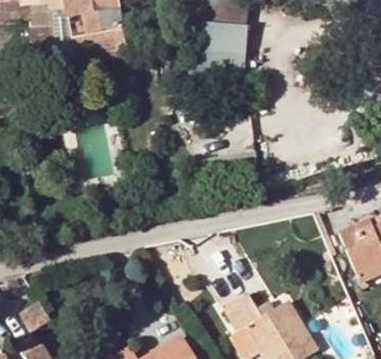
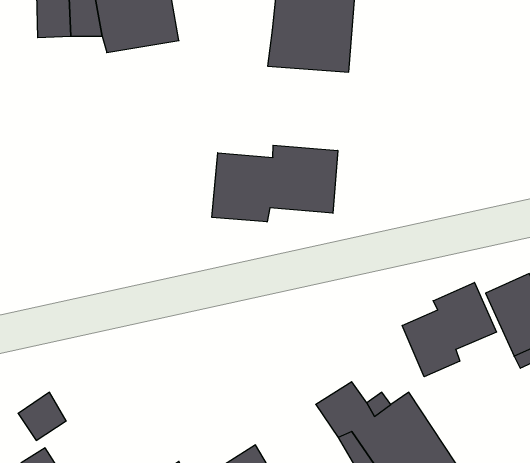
building: none -> [212,145,338,222]
building: none -> [402,282,496,377]

